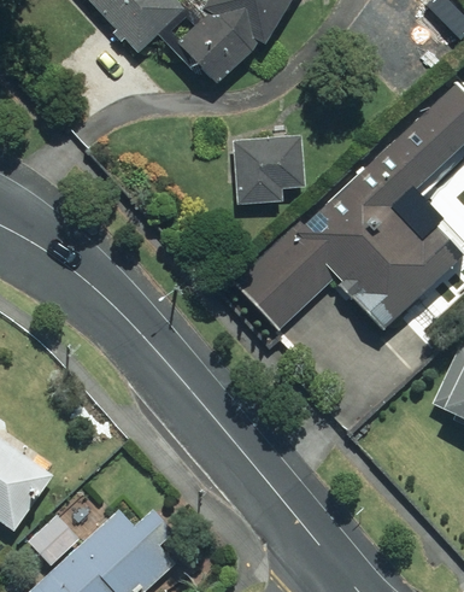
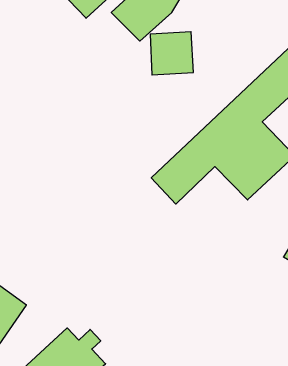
building: [234,140,298,204] -> [150,32,193,75]

